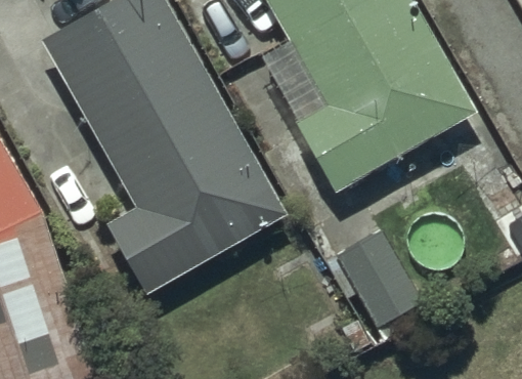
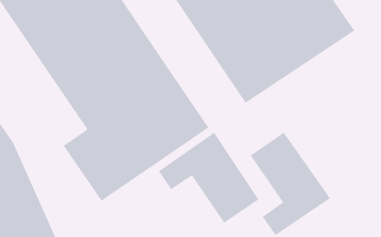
building: none -> [158,132,259,224]

